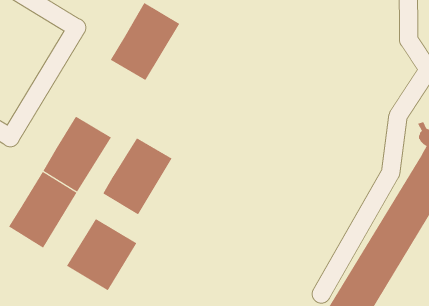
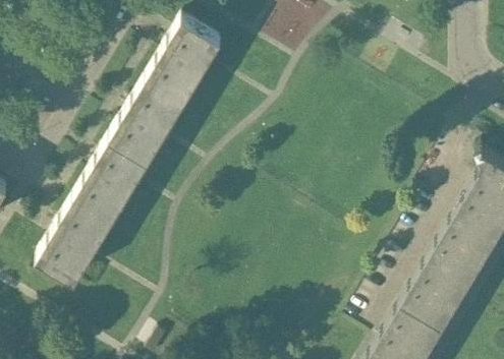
building: [102,138,173,215] -> [110,76,185,160]
building: [66,218,137,291] -> none

